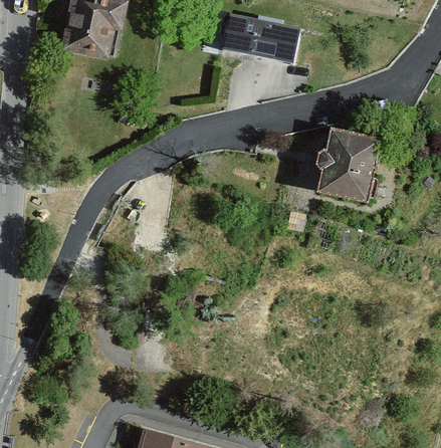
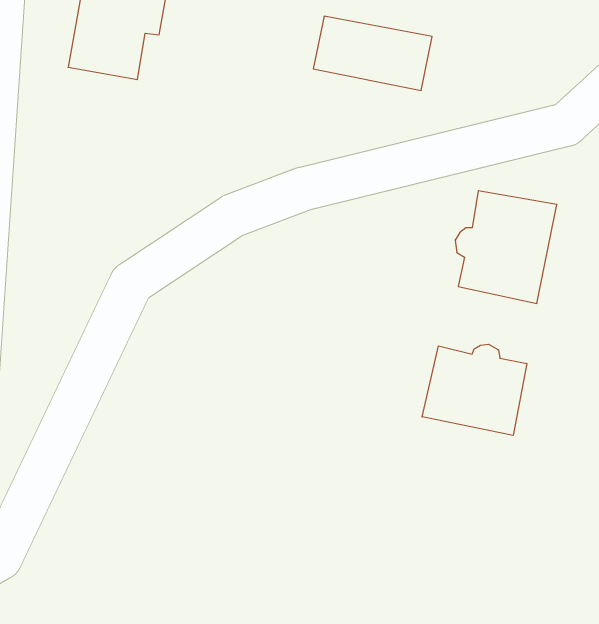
building: none -> [422,344,527,435]

